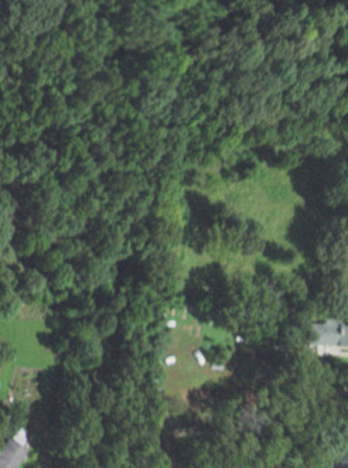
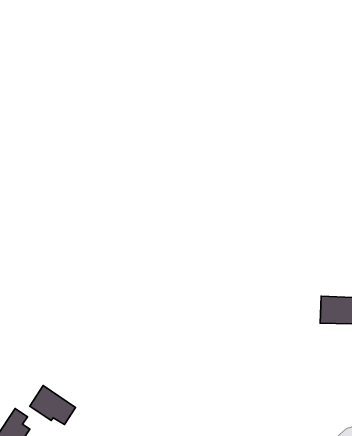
building: none -> [30,385,75,425]

